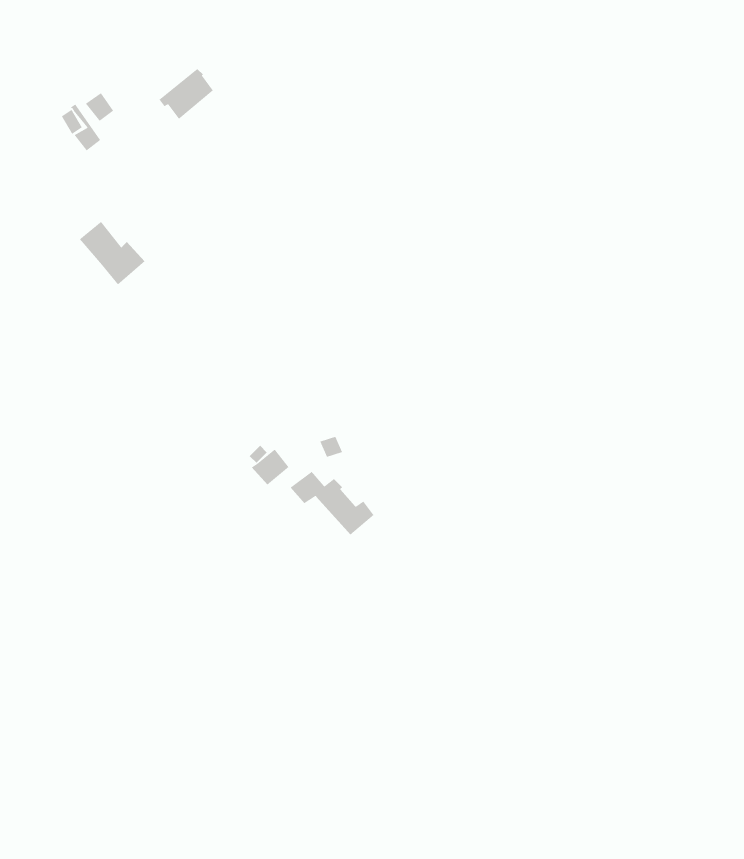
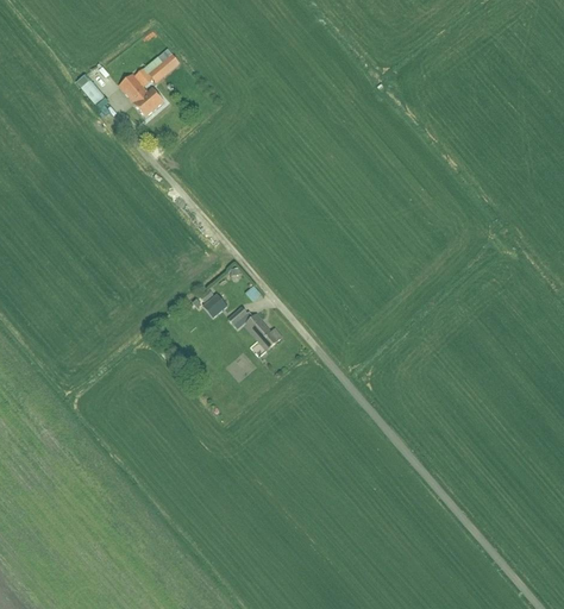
building: [79,221,145,285] -> [120,75,163,117]

